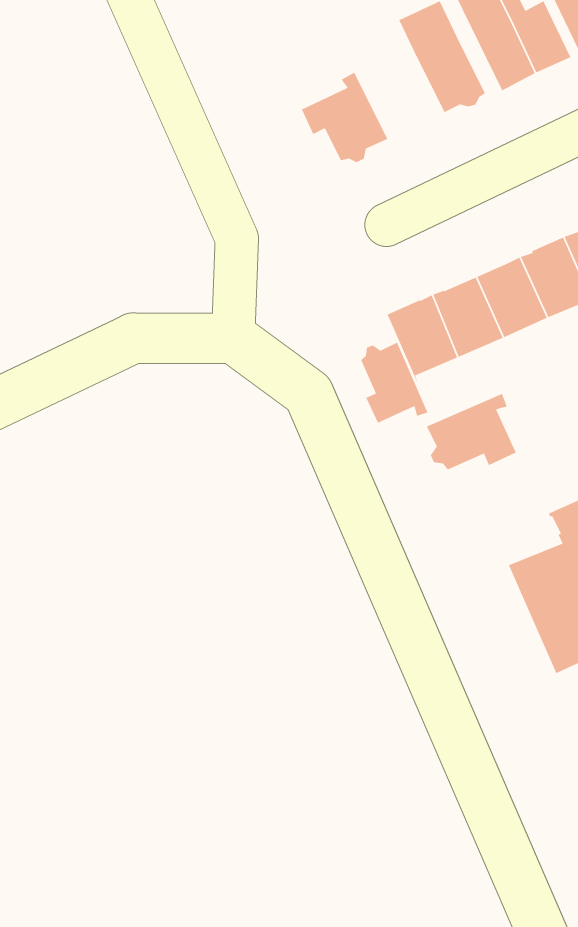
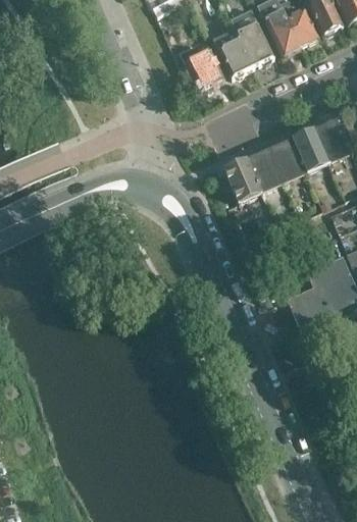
building: none -> [212,27,253,76]
building: [360,342,428,424] -> none
building: [426,393,517,470] -> none

